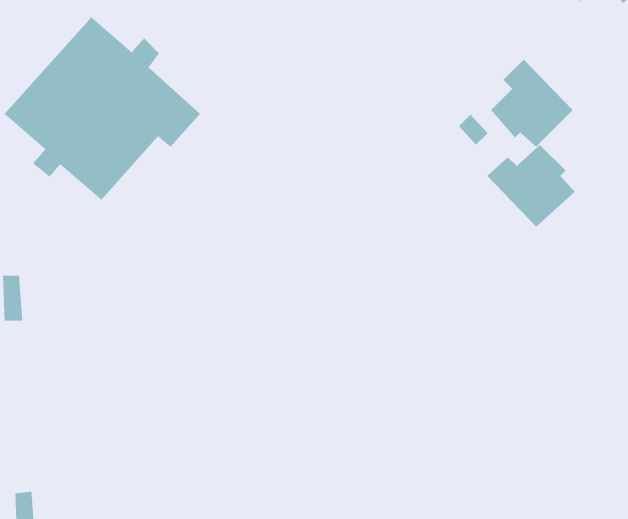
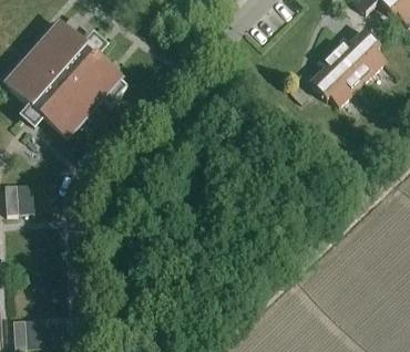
building: [487,144,575,227] -> [330,29,386,81]

